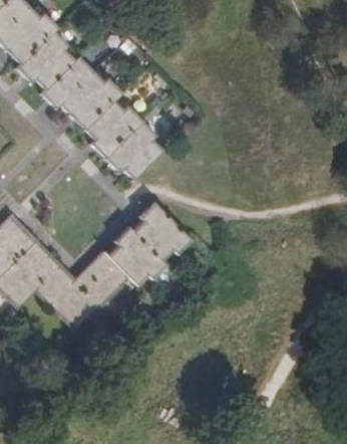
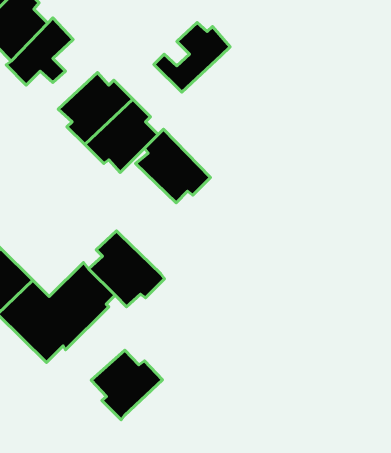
building: [60,73,120,129] -> [154,23,230,92]
building: [131,201,191,259] -> [136,129,210,203]
building: none -> [91,350,162,420]

